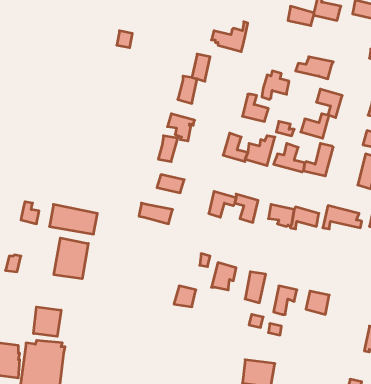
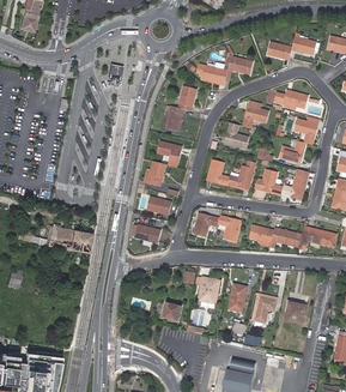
building: [54,238,88,279] -> none
building: [34,307,61,336] -> none

